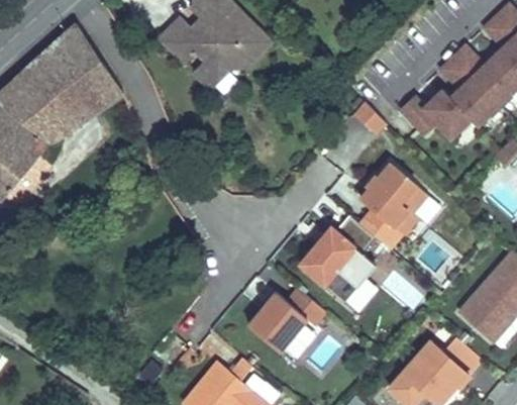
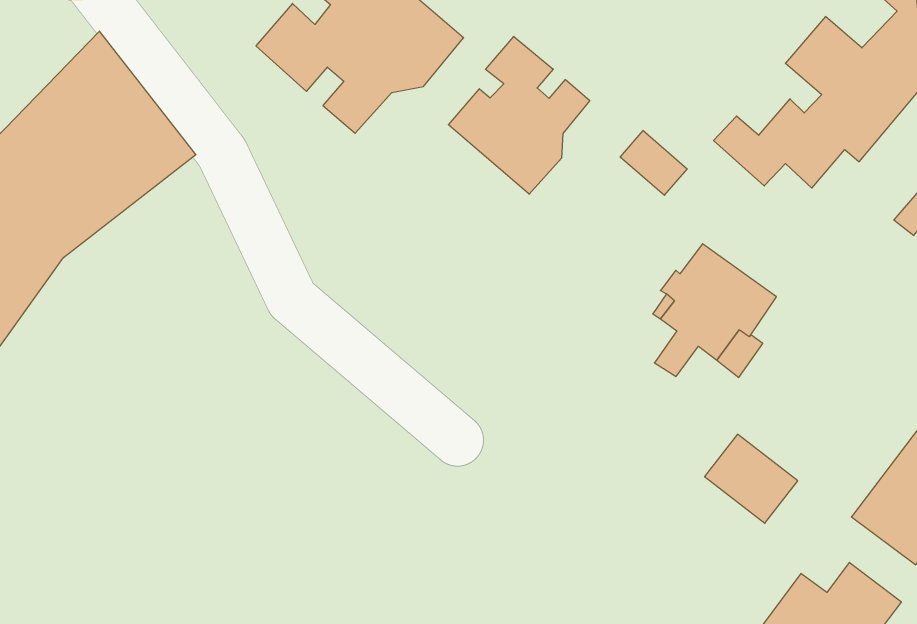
building: none -> [448,36,590,194]
building: [300,214,377,301] -> none
building: [249,288,326,350] -> none

